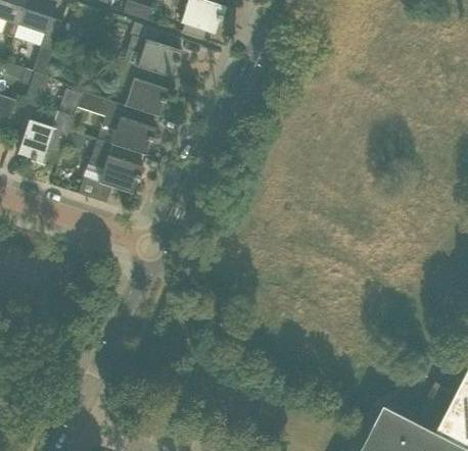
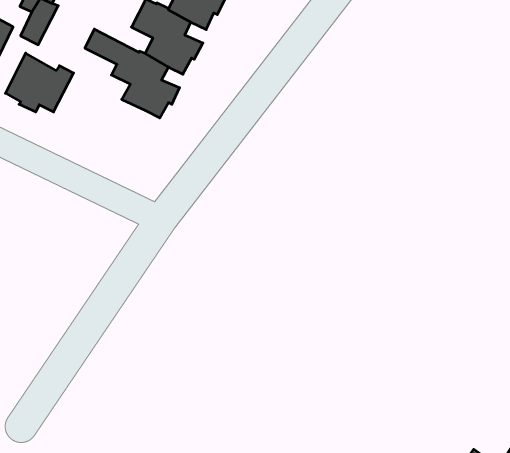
building: [78,139,143,202] -> none

